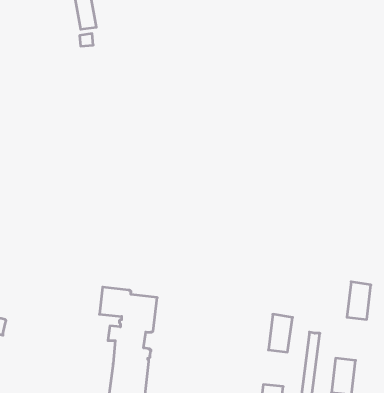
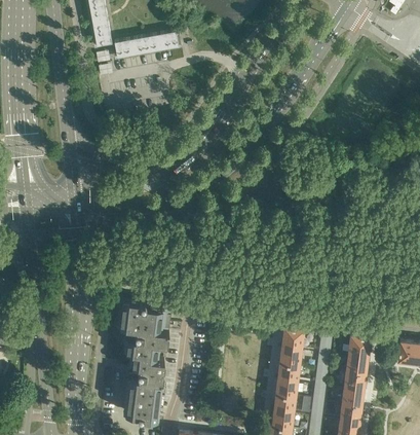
building: none -> [114,32,179,59]
building: [347,282,371,319] -> [346,335,370,372]
building: none -> [275,362,299,398]

